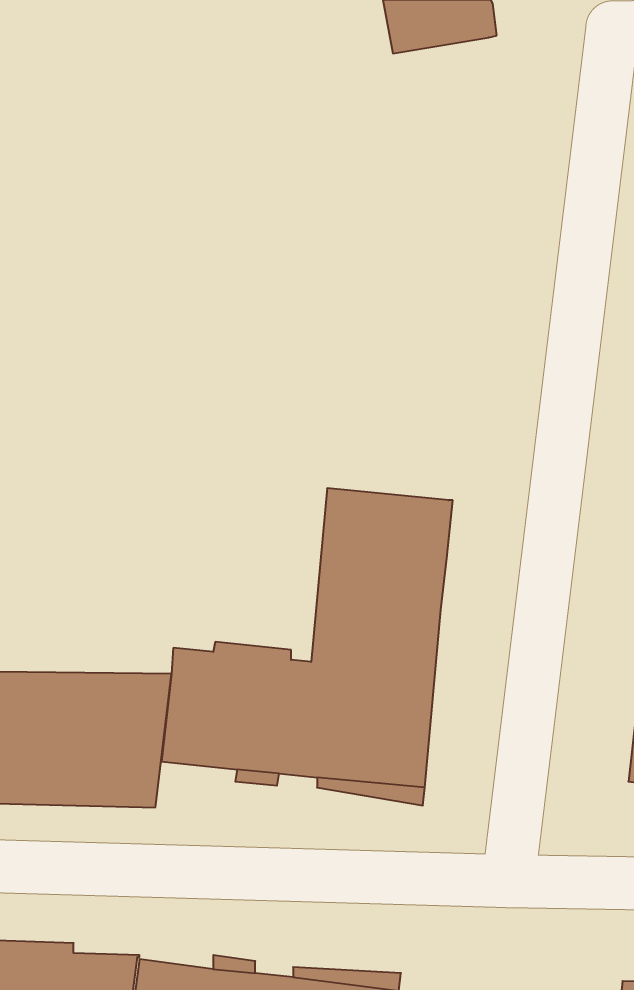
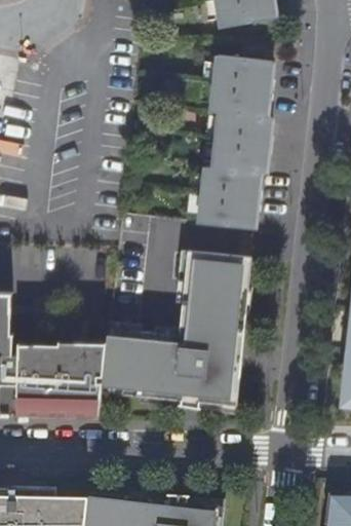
building: none -> [199,55,271,229]

